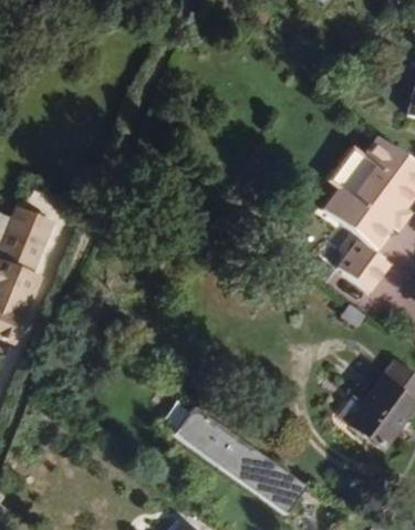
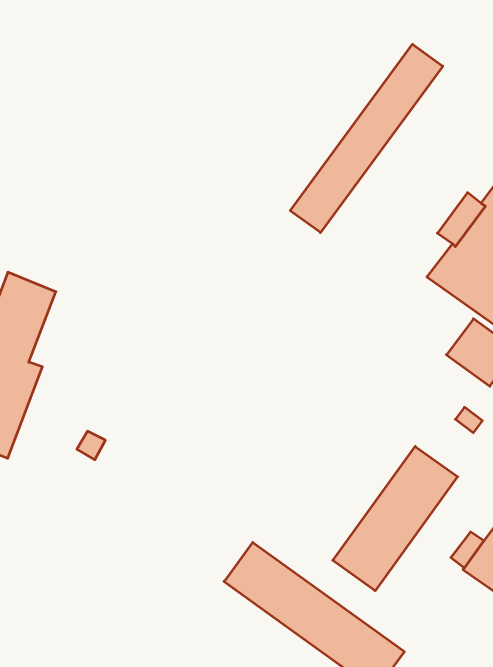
building: none -> [290,44,443,233]
building: none -> [333,446,458,591]

